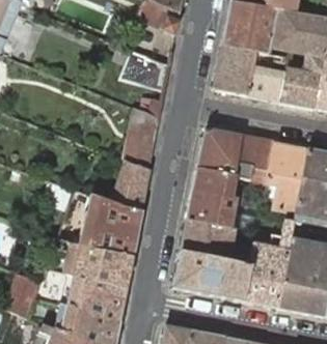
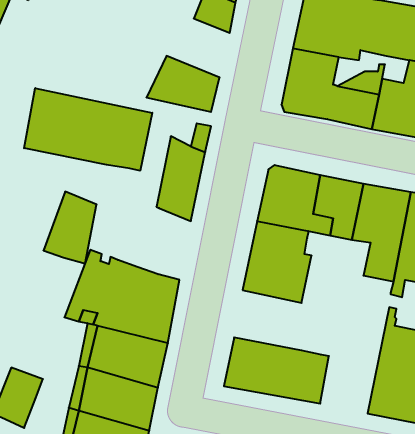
building: none -> [24,88,152,171]
building: [111,160,149,211] -> [43,192,97,263]
building: [181,219,245,265] -> none
building: [243,220,294,308] -> none

